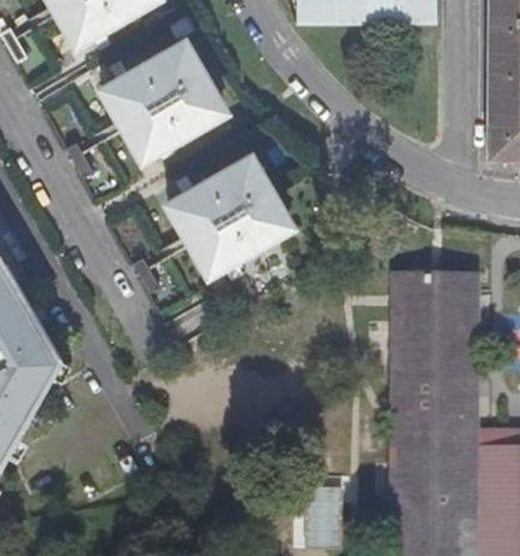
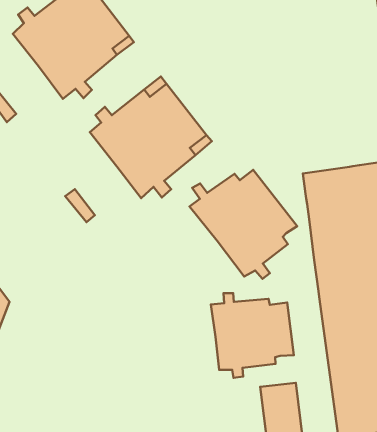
building: none -> [190,170,297,279]
building: none -> [211,293,294,378]

